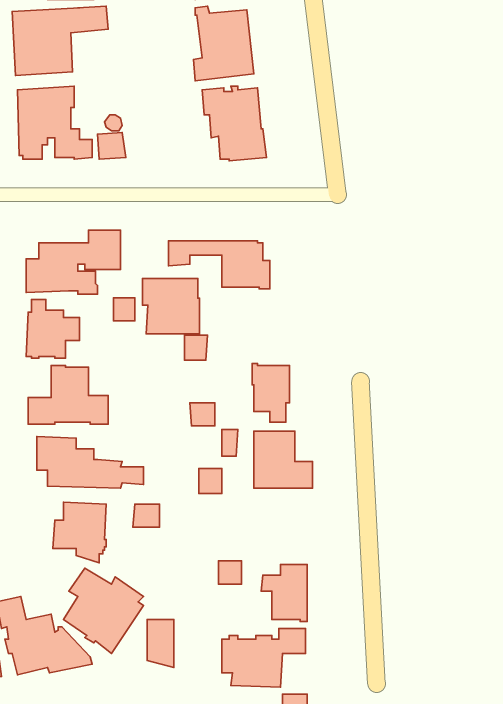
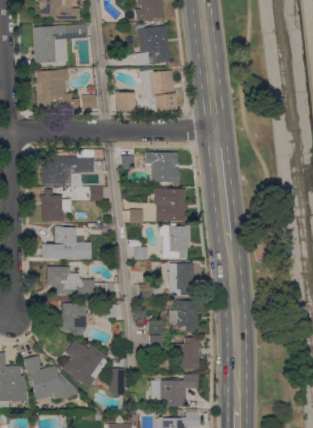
building: none -> [114,92,133,111]
building: [143,279,199,334] -> [153,189,185,220]
building: none -> [149,300,197,334]

